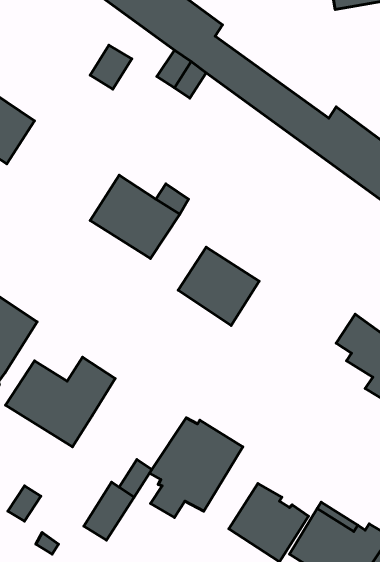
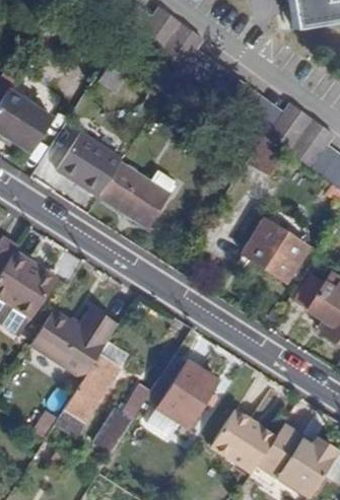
building: none -> [57,131,124,198]
building: [178,247,259,326] -> [244,218,309,281]
building: none -> [64,354,123,425]

